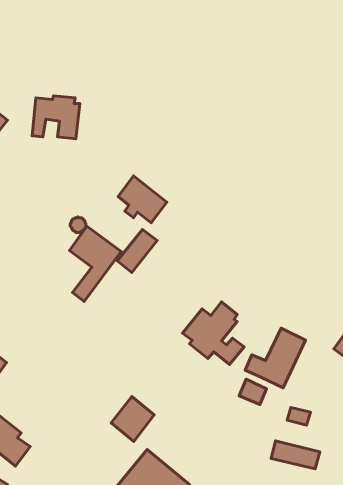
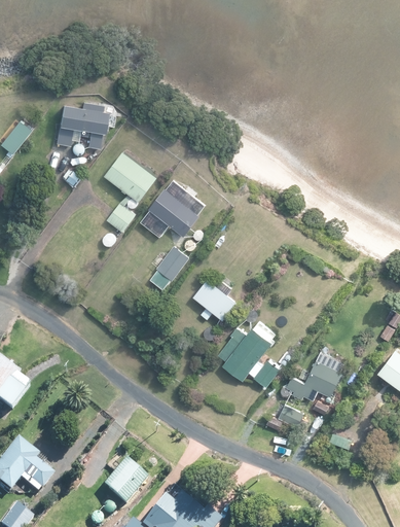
building: [69,226,121,301] -> [103,150,157,230]
building: none -> [191,277,238,322]
building: [111,396,154,441] -> [103,457,148,504]
building: [271,441,320,469] -> none

